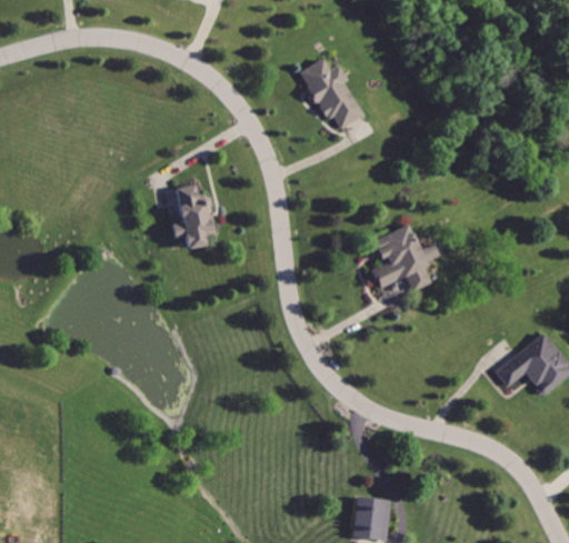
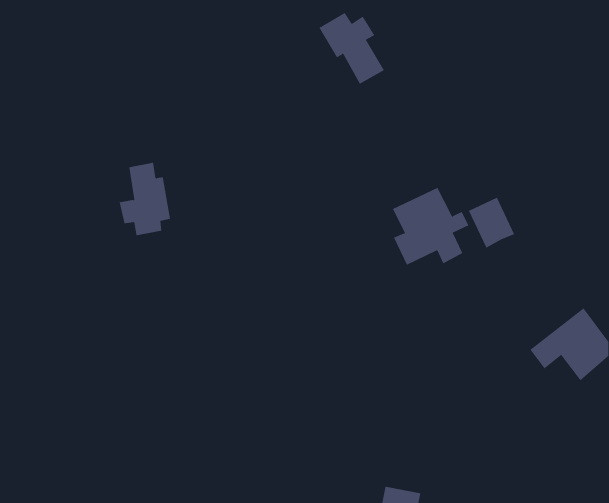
building: [170,184,218,252] -> [119,162,171,236]
building: none -> [468,197,515,248]

